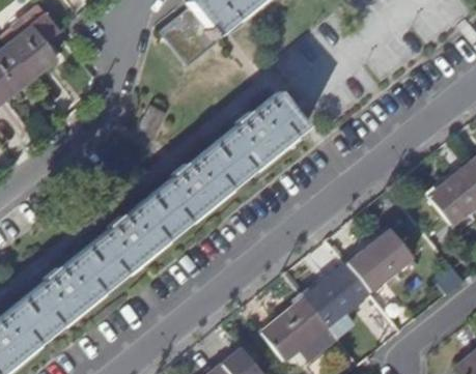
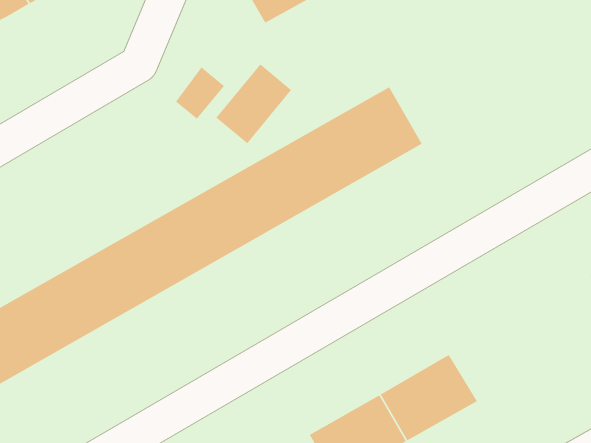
building: none -> [216,64,292,144]
building: [346,229,413,291] -> none

